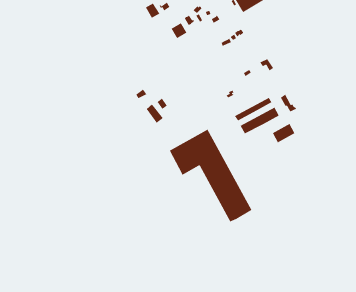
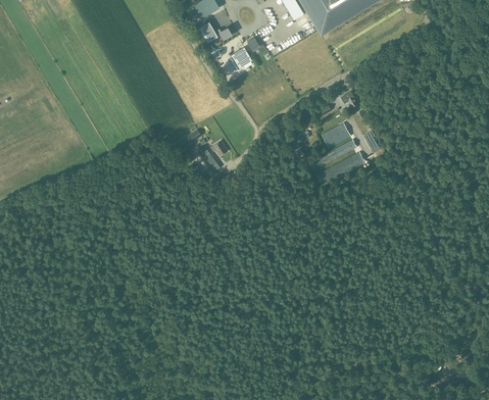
building: [272,123,296,143] -> [322,121,351,147]
building: [168,129,252,223] -> none

